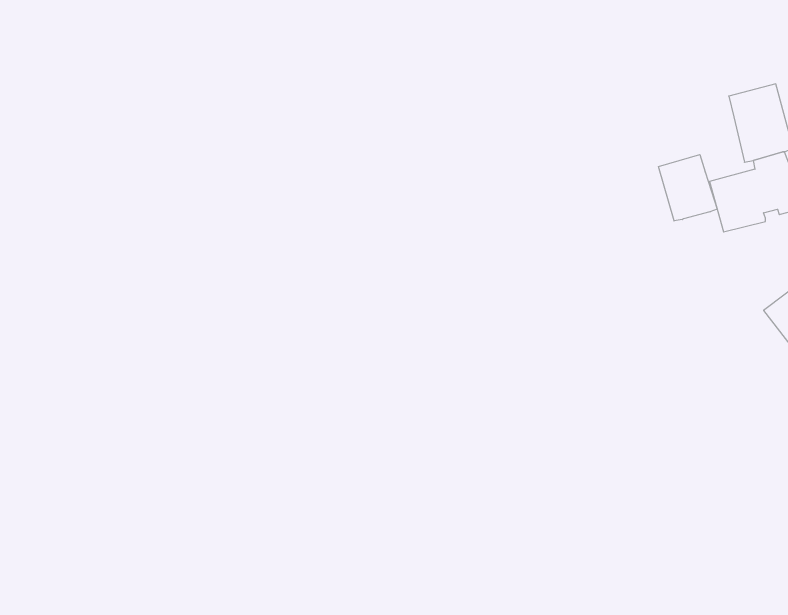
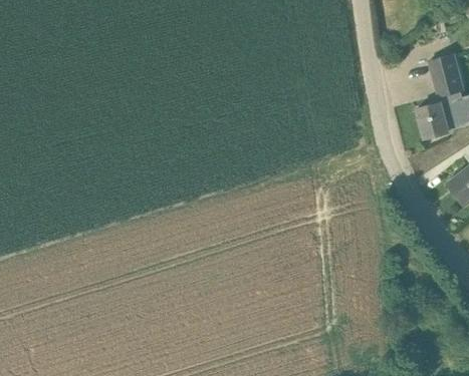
building: [659,155,717,221] -> none

